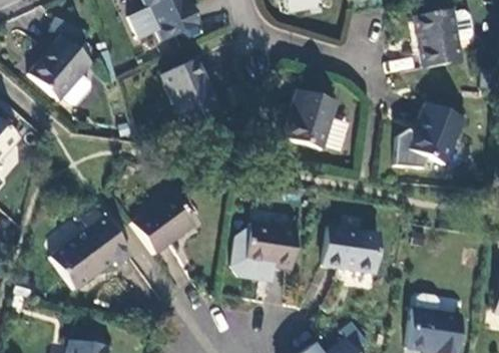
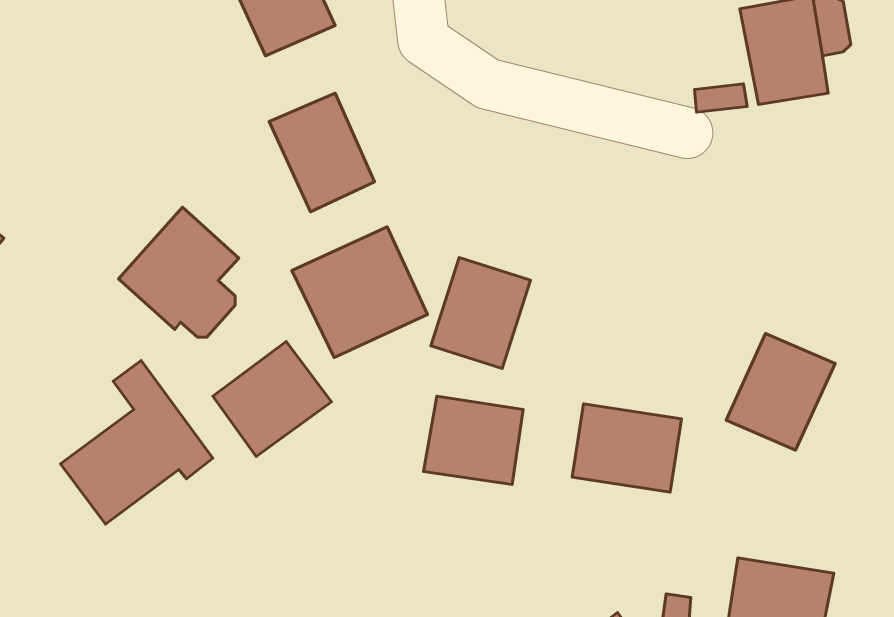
building: [28,36,92,105] -> [118,207,239,337]
building: [282,90,335,149] -> [431,257,531,368]
building: [404,102,462,164] -> [726,333,835,450]
building: none -> [292,227,427,358]

